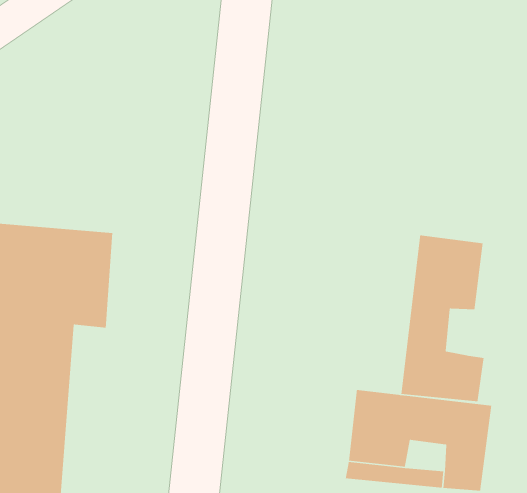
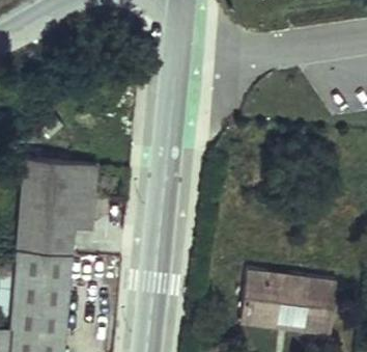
building: [401,235,484,402] -> none

